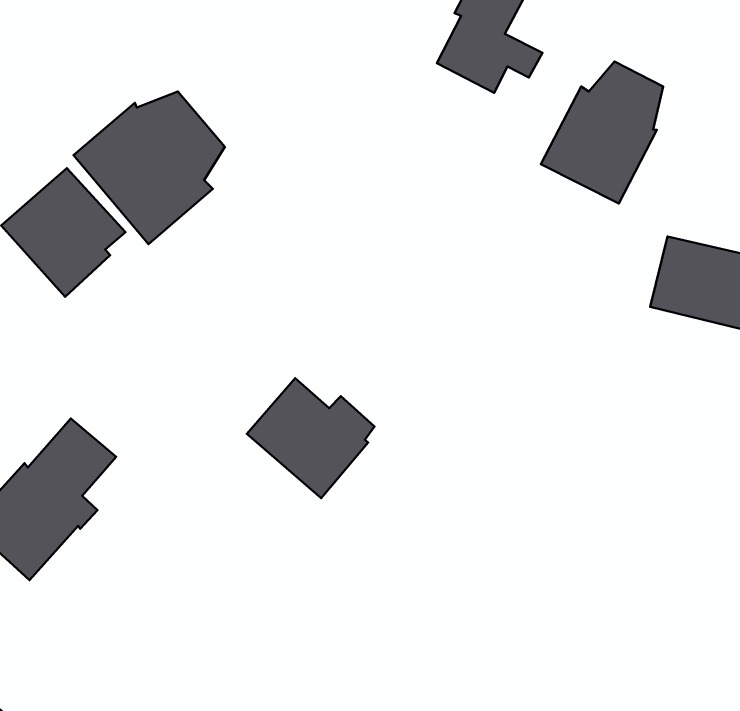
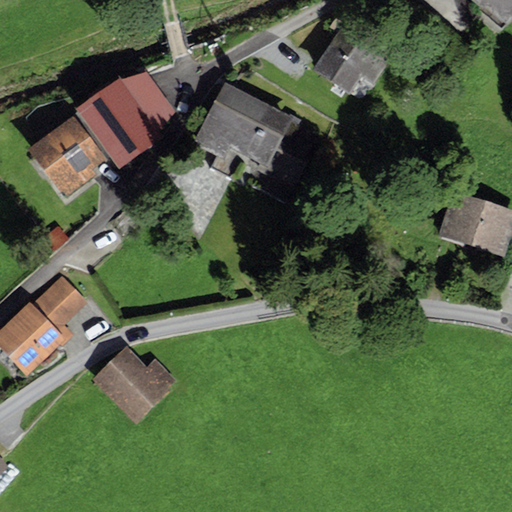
building: [541,61,663,204] -> none
building: none -> [193,81,318,203]
building: [247,378,375,498] -> [93,345,175,423]

